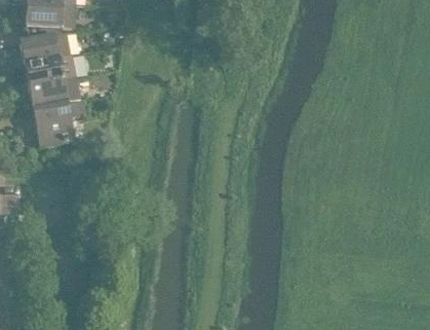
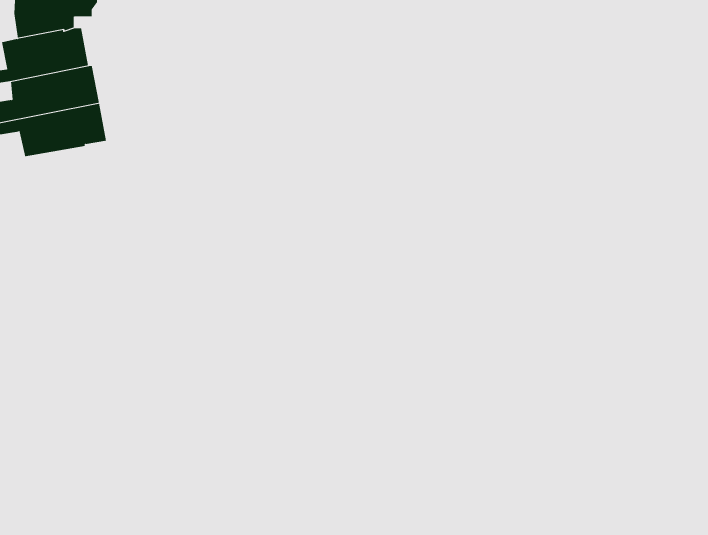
building: [33,99,83,146] -> none

